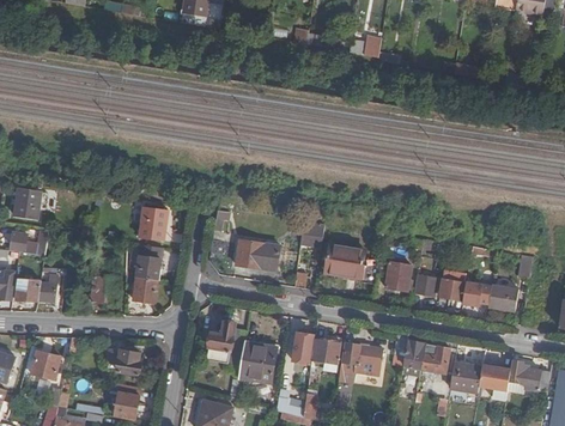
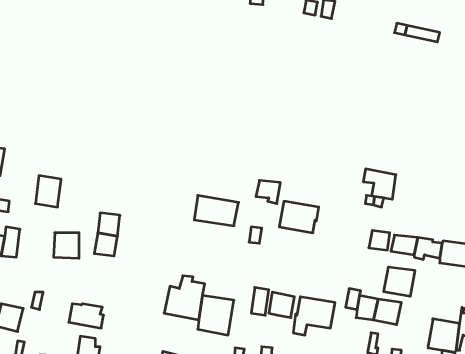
building: [140,206,166,238] -> [35,176,61,207]
building: [376,258,409,290] -> [363,169,396,199]
building: [449,363,481,392] -> [384,267,415,296]

